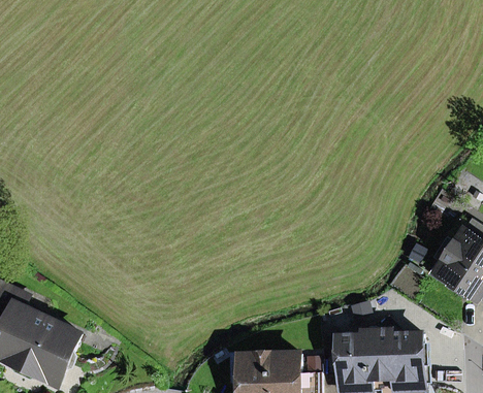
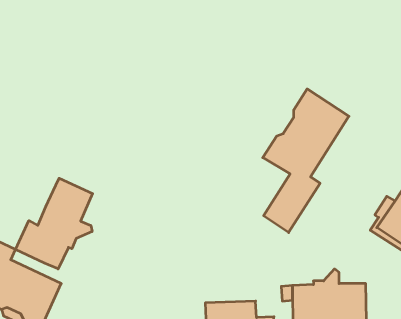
building: none -> [263,89,349,233]
building: none -> [15,178,93,269]

